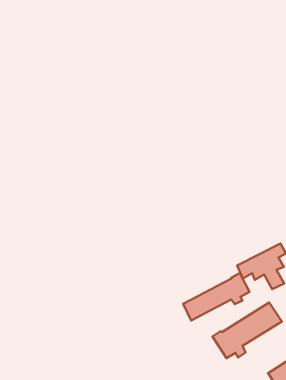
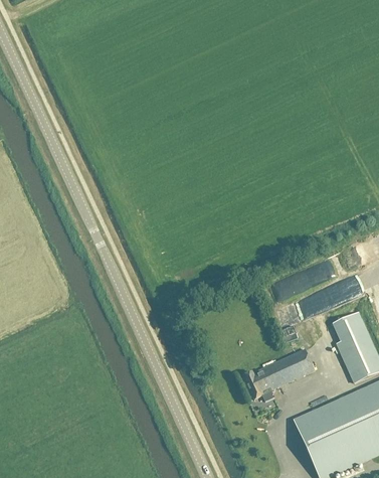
building: [183,273,249,320] -> none

